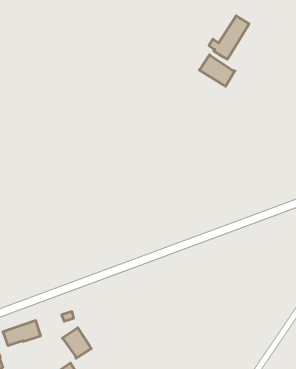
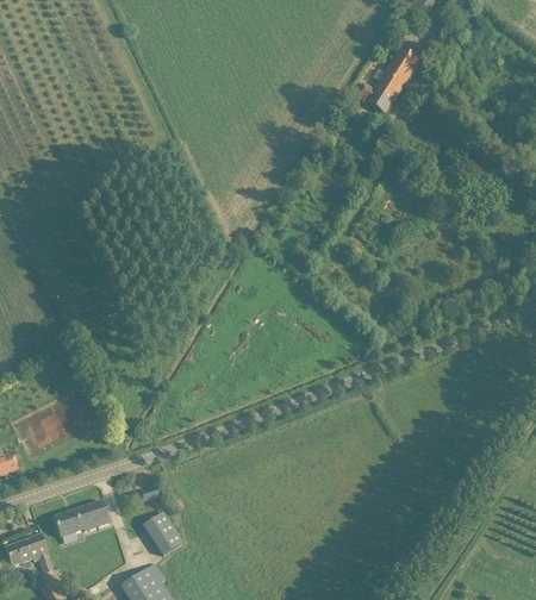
building: [199,55,235,86] -> none

